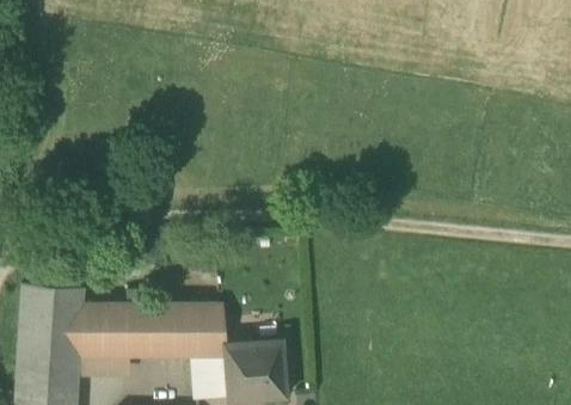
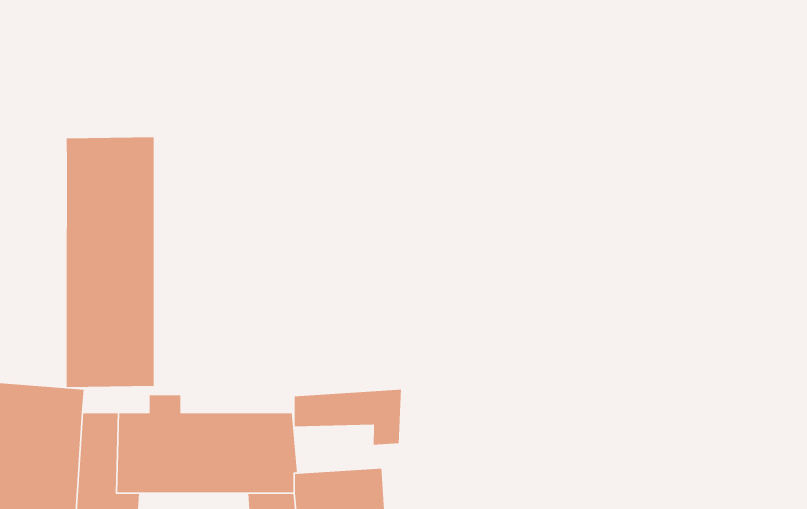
building: none -> [66,137,155,388]
building: none -> [294,389,402,446]

